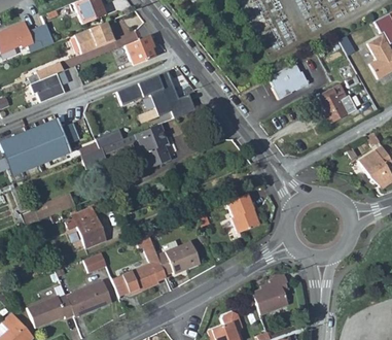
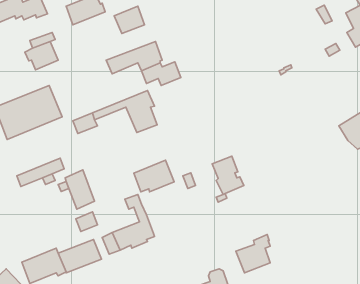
building: [270,63,310,100] -> none
building: [318,83,356,124] -> none
building: [158,241,201,274] -> [134,160,174,192]

